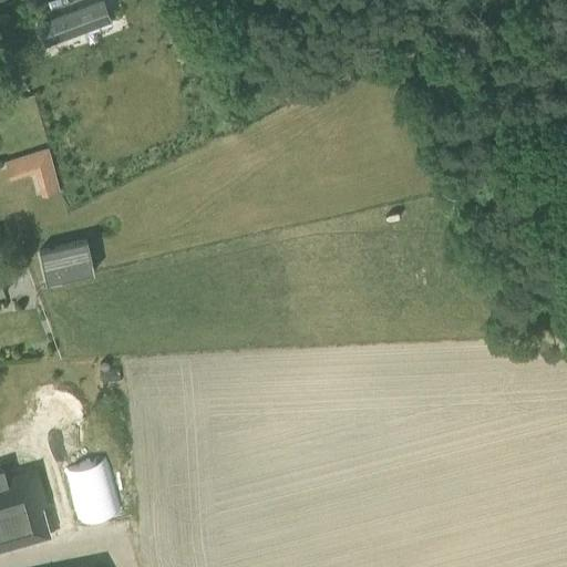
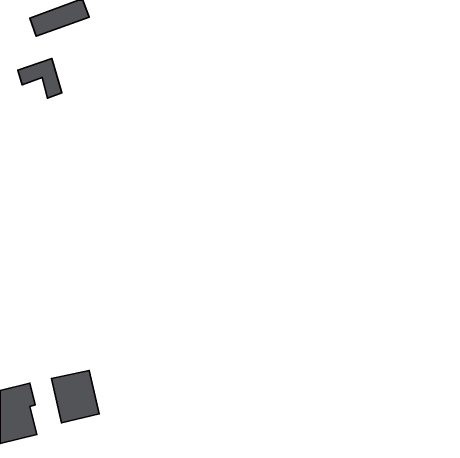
building: [6,150,60,198] -> [18,59,62,98]
building: [33,240,86,284] -> none

